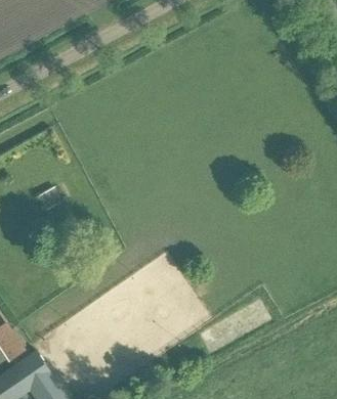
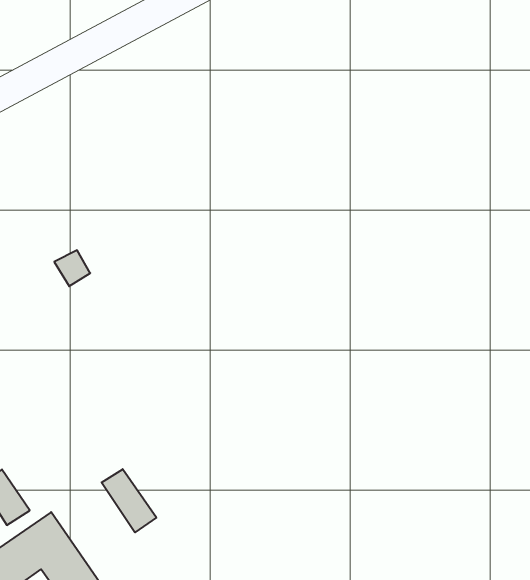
building: none -> [102,469,156,532]

